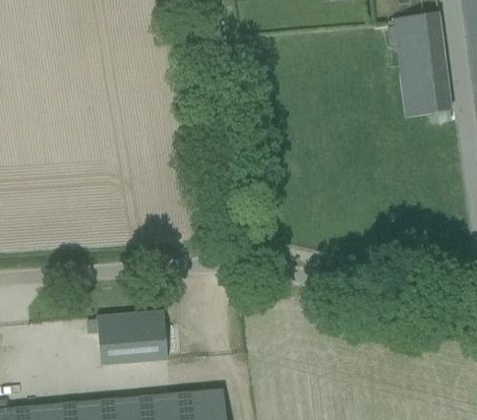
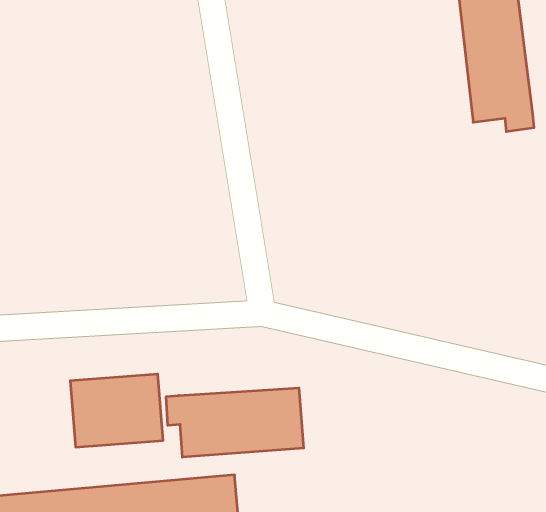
building: none -> [166,388,304,457]

